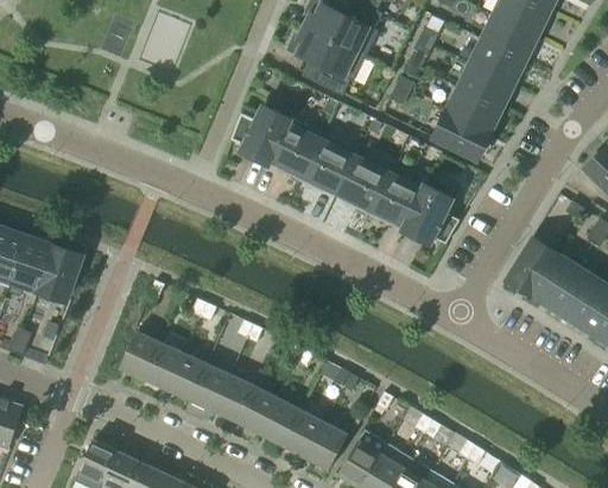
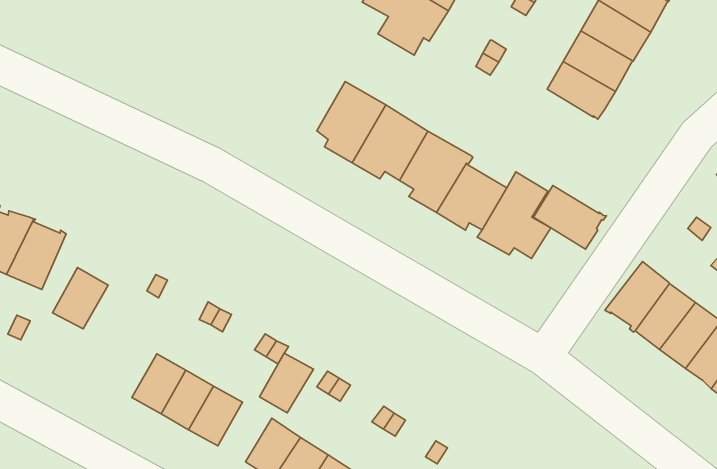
building: [232,100,293,165] -> none
building: [435,112,492,159] -> [533,185,607,249]
building: [119,331,160,379] -> [53,268,108,329]
building: [214,375,254,422] -> [259,353,313,413]

